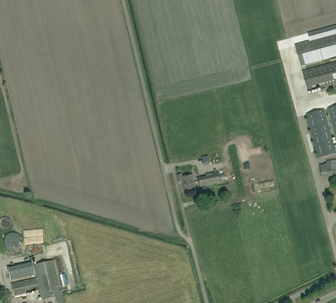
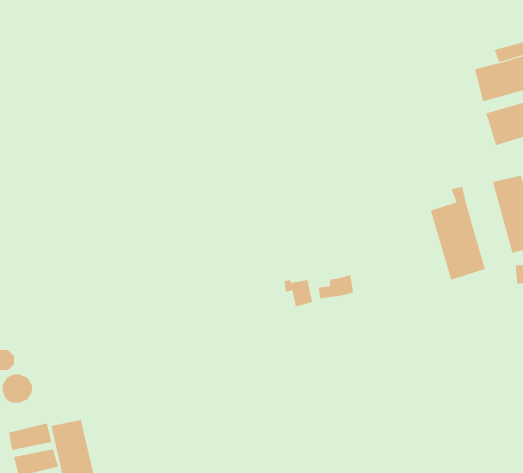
building: none -> [430,186,486,281]

